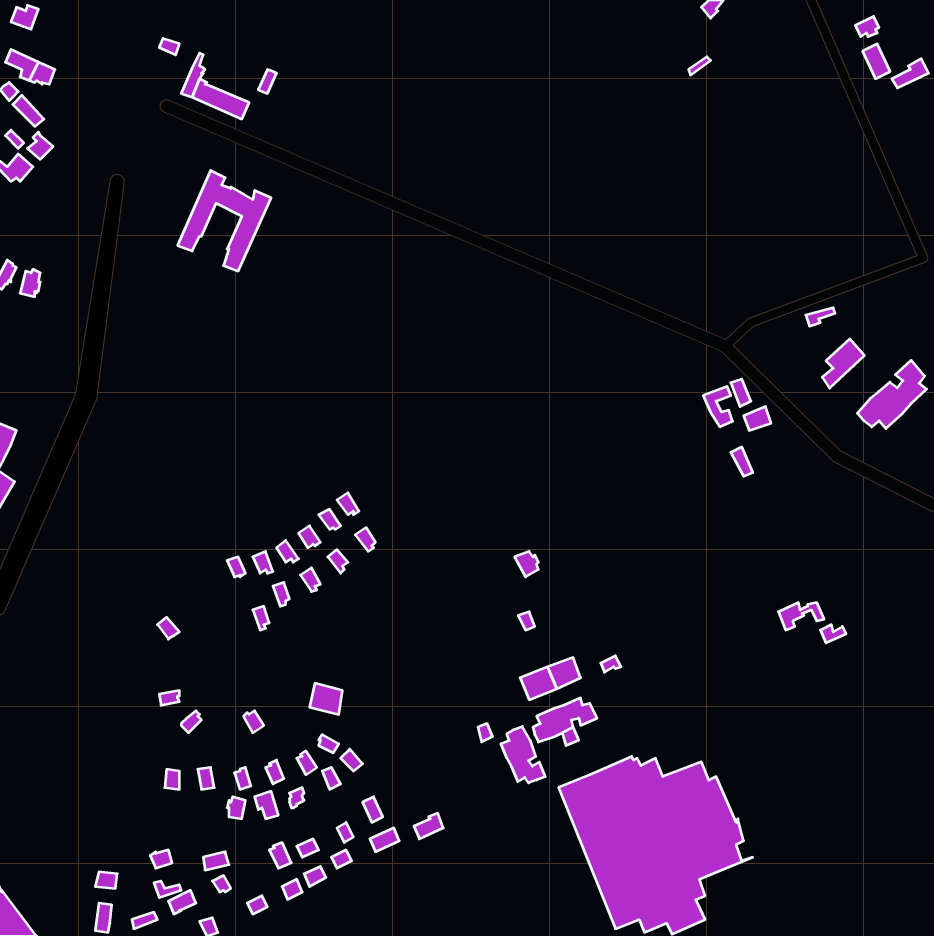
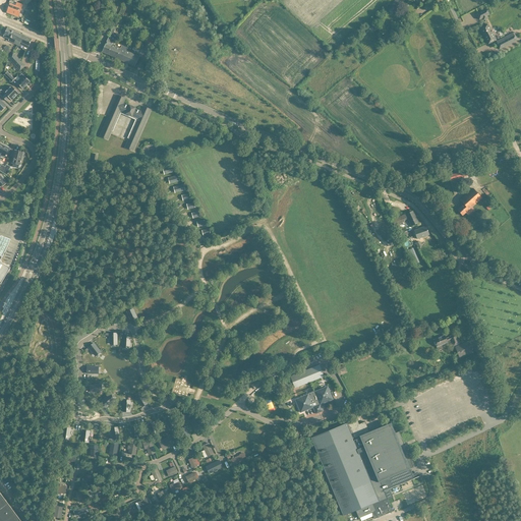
building: [857,360,927,429] -> none
building: [501,726,545,783] -> none

